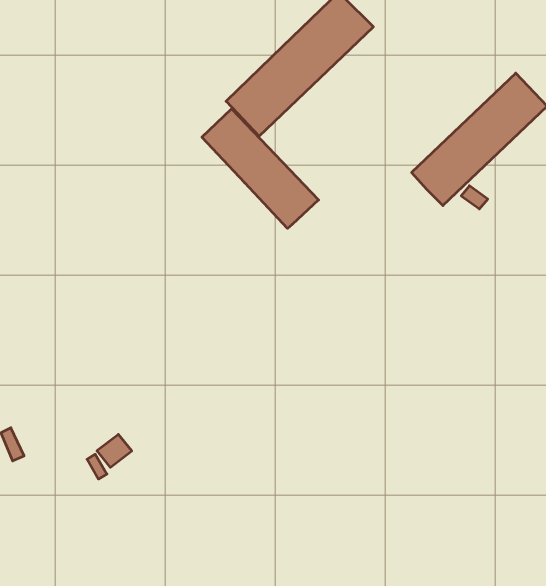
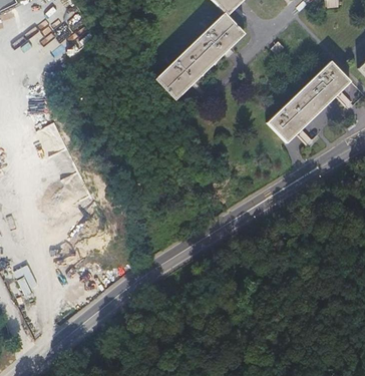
building: [202,109,319,228] -> none

